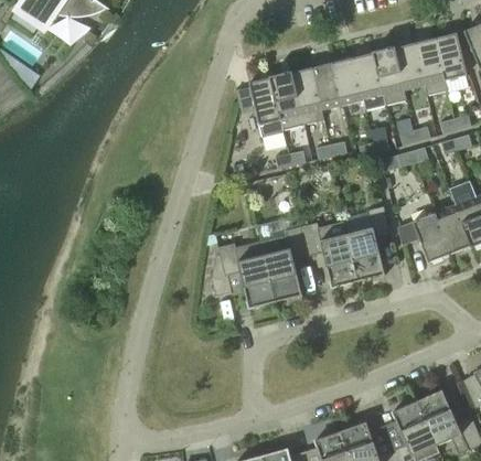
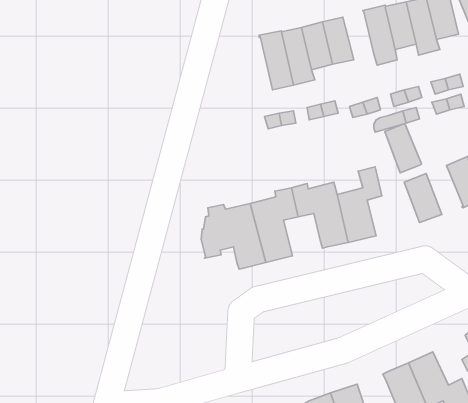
building: [352,53,383,100] -> none
building: [249,77,284,138] -> none
building: [435,205,471,254] -> [385,124,421,173]

